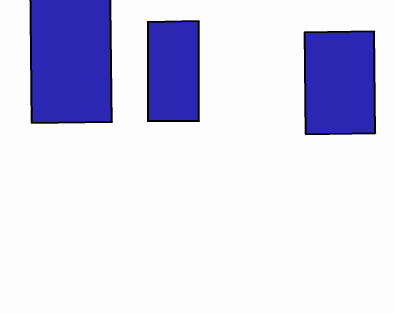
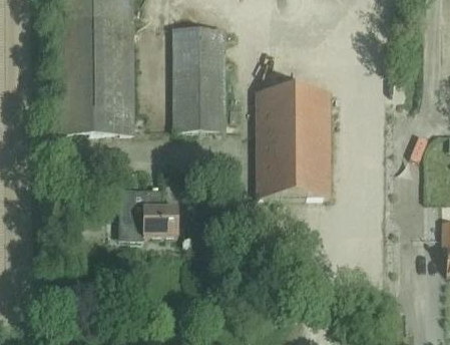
building: [305,32,375,134] -> [257,89,330,196]
building: none -> [118,189,177,240]

